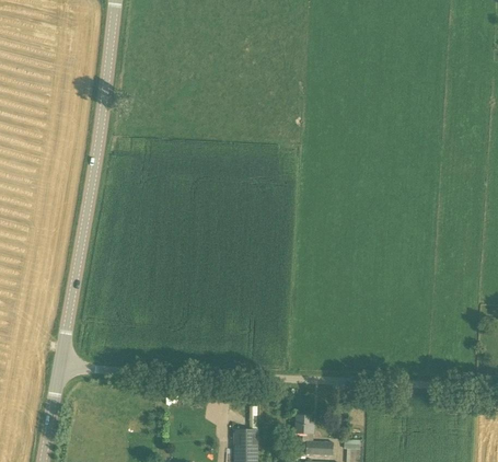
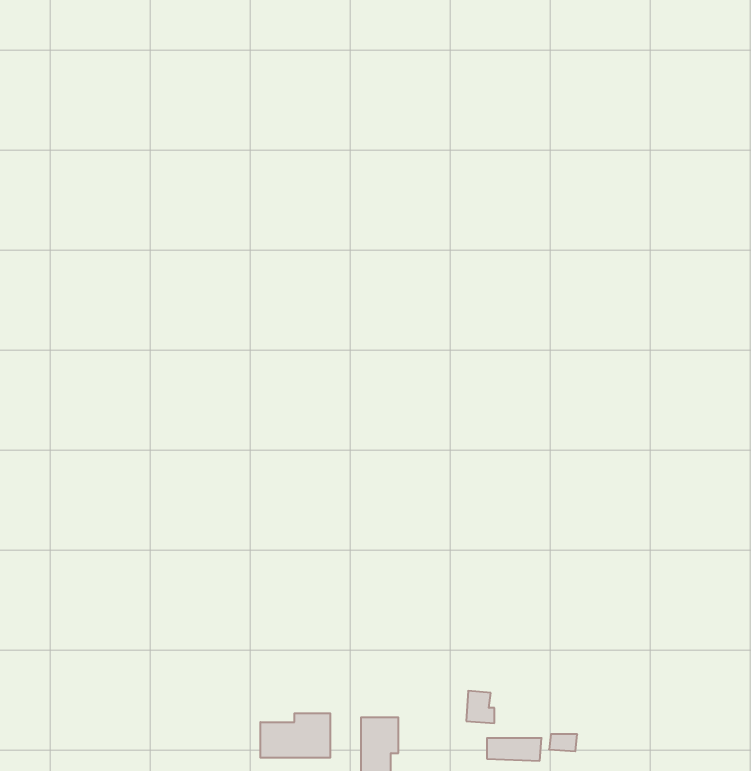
building: none -> [260,713,330,758]

